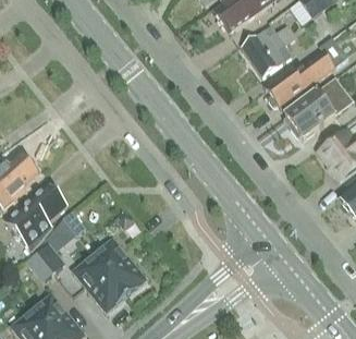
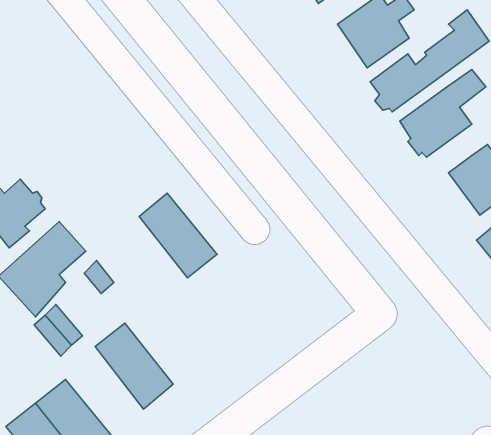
building: [93,238,147,296] -> [139,193,217,278]

